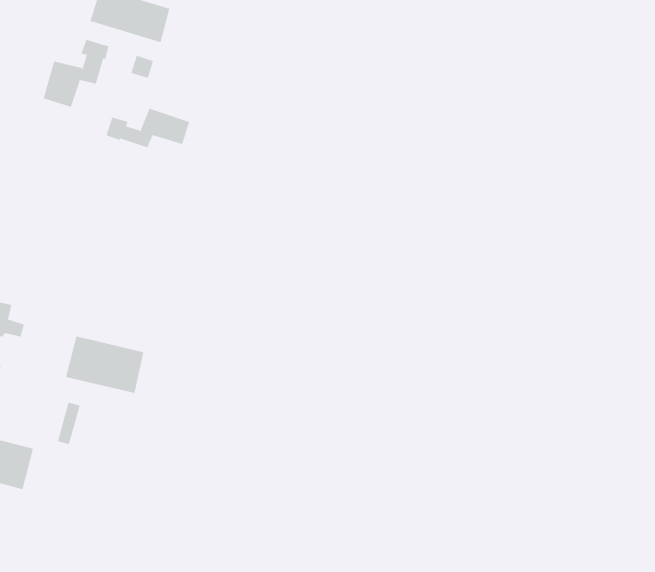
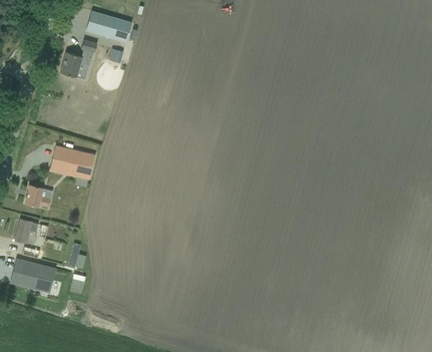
building: [106,108,190,148] -> none
building: [65,336,144,393] -> [50,146,94,179]

